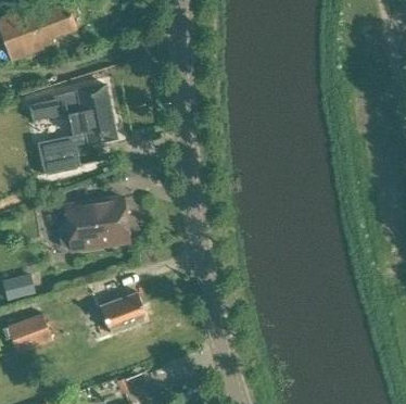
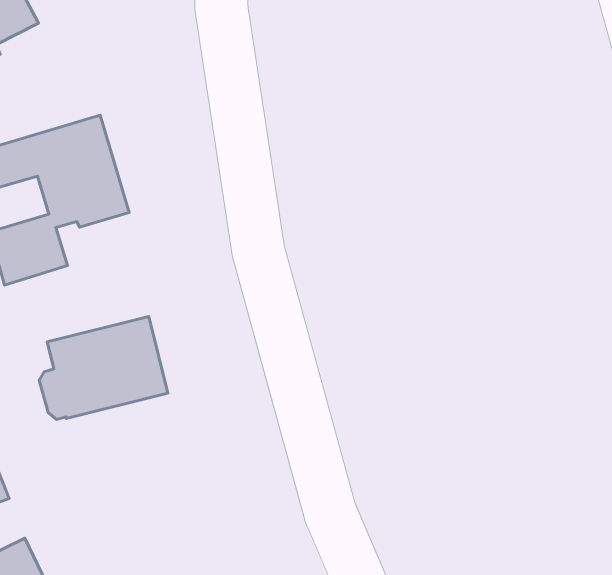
building: [100,292,148,334] -> none

